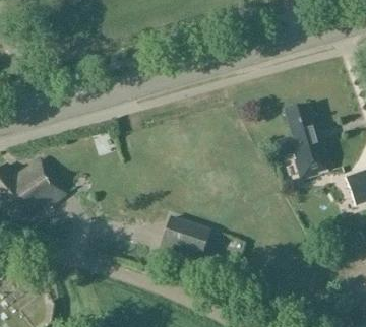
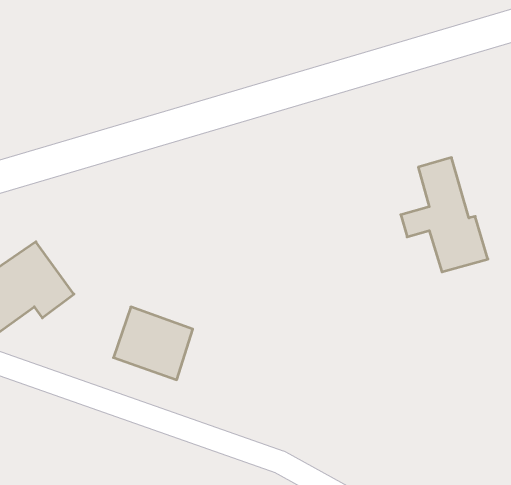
building: [159,214,209,261] -> [113,307,193,380]

